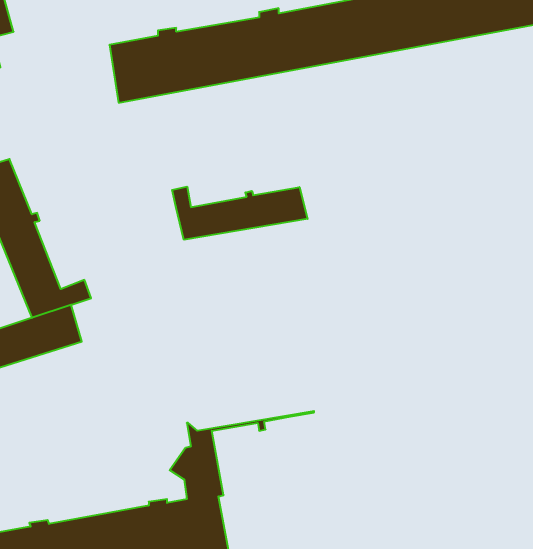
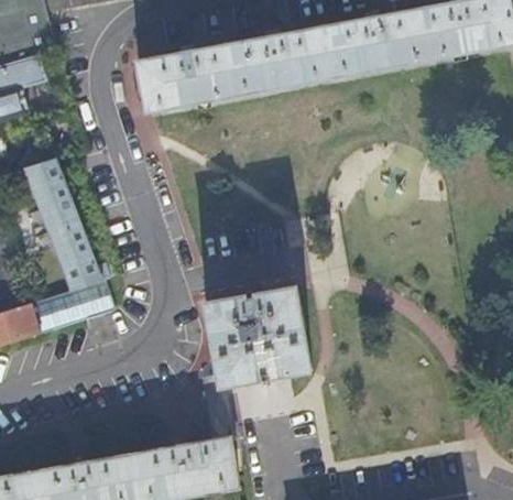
building: [172,187,308,240] -> none
building: none -> [204,287,309,385]

